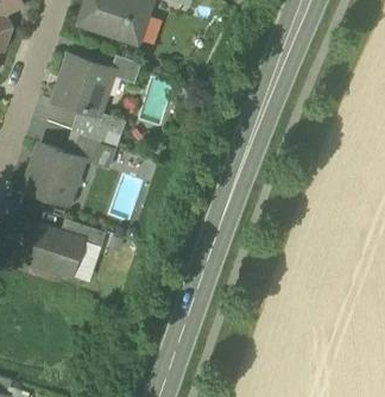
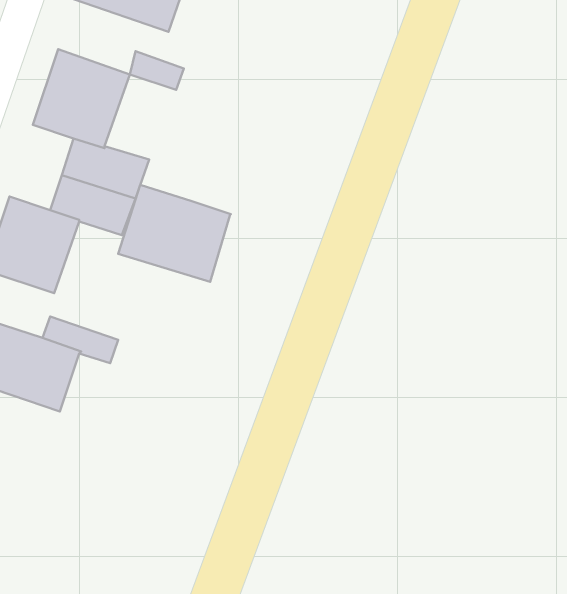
building: none -> [118,185,231,282]

